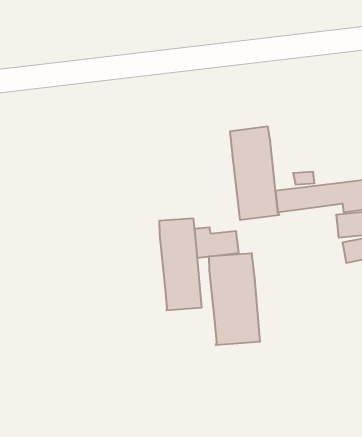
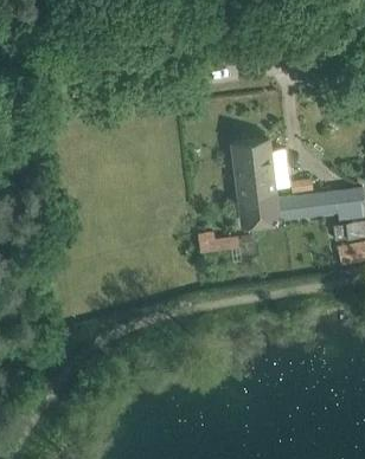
building: [159,218,201,310] -> none
building: [209,253,260,345] -> none

